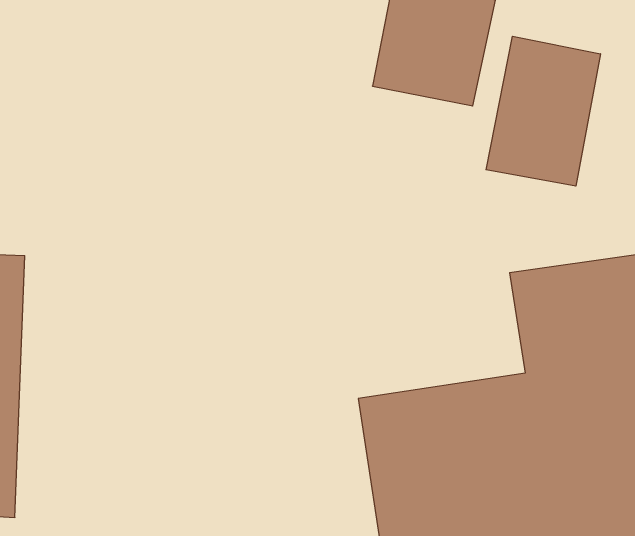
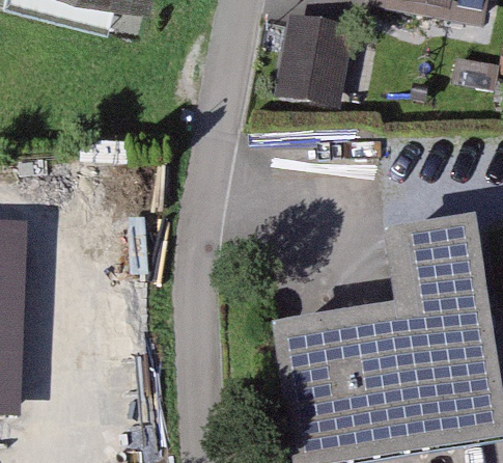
building: [486,36,600,186] -> none

